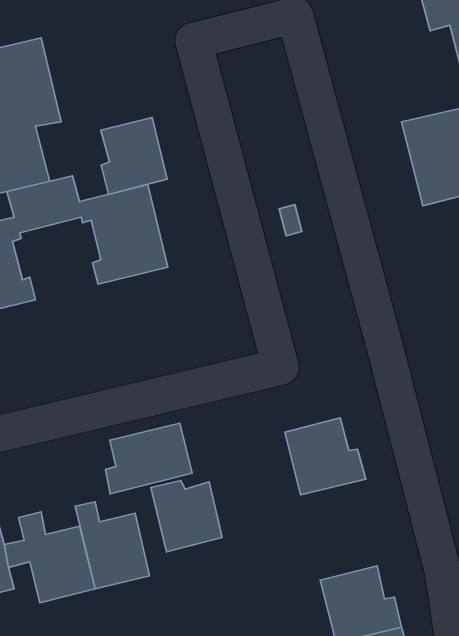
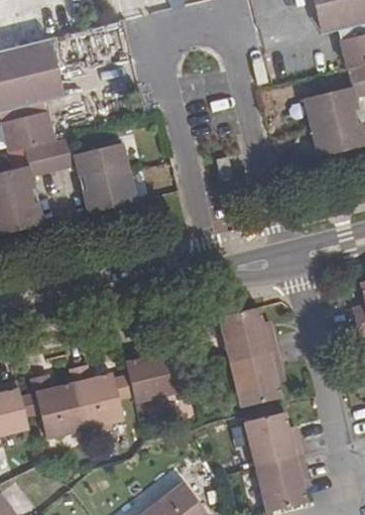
building: [101,118,167,194] -> none
building: [106,423,192,494] -> none
building: none -> [231,351,282,407]

